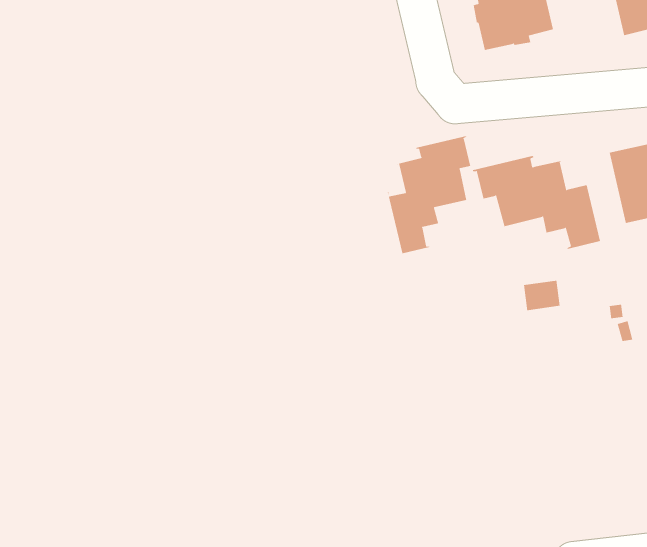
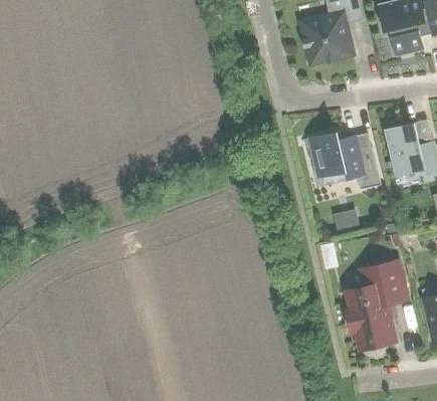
building: [387,135,471,254] -> none
building: none -> [348,262,406,349]

